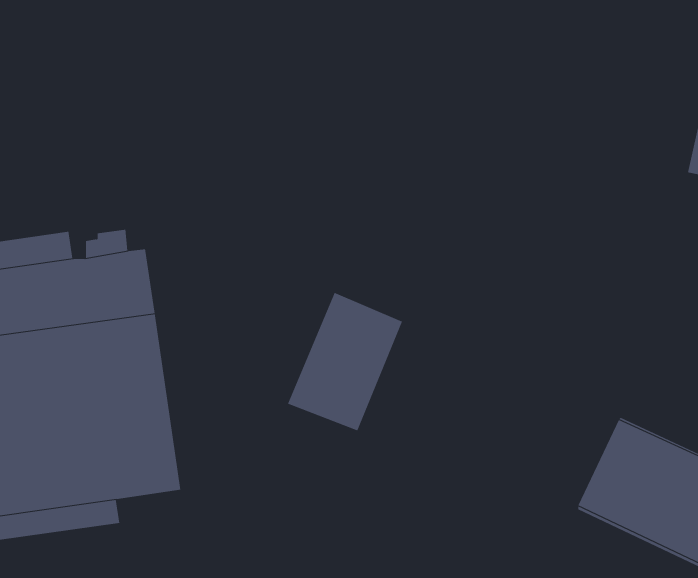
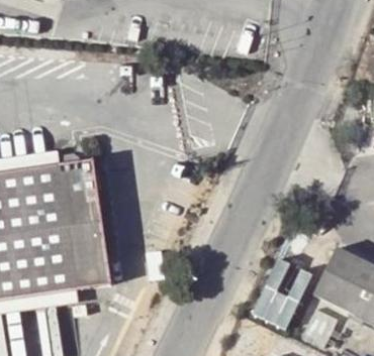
building: [287,292,403,431] -> [258,253,317,325]

